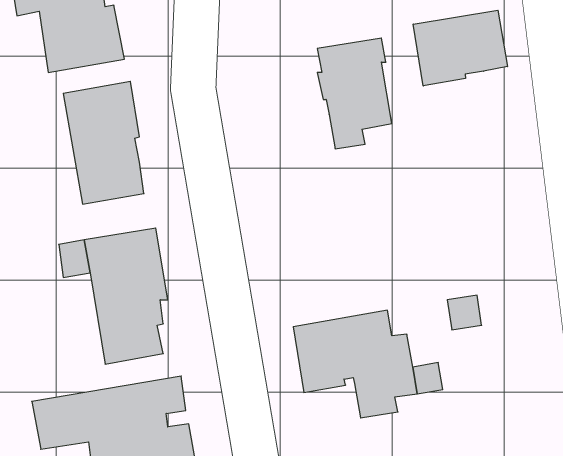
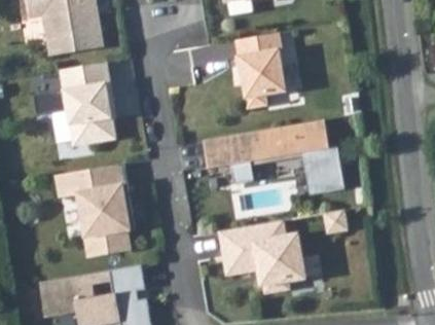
building: [413,10,507,86] -> none
building: none -> [203,119,343,195]

